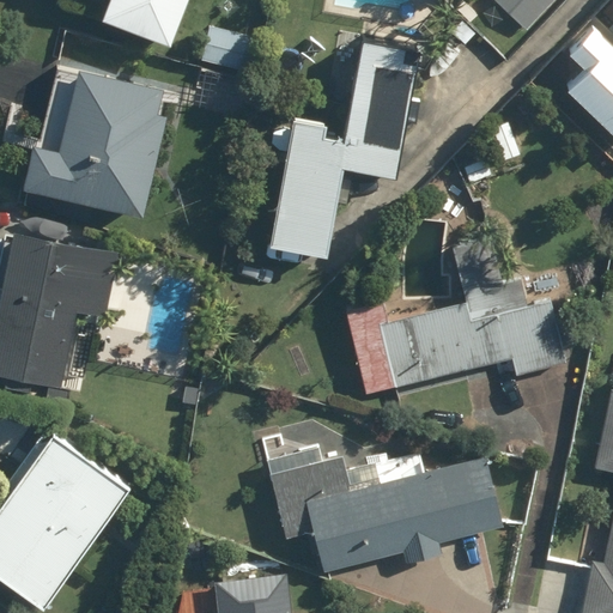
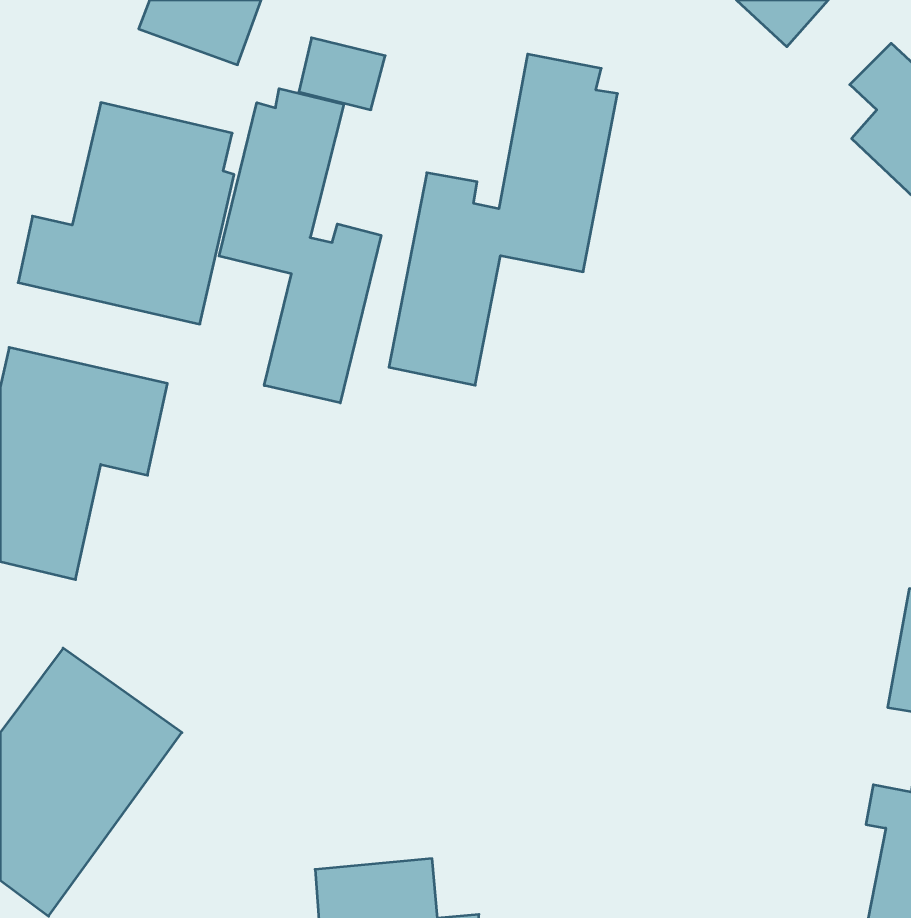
building: none -> [219,89,381,403]
building: [345,236,569,395] -> none
building: [267,435,506,572] -> none

